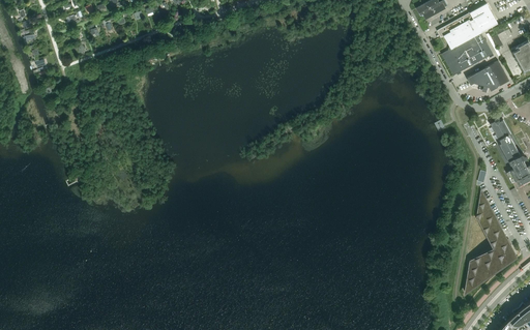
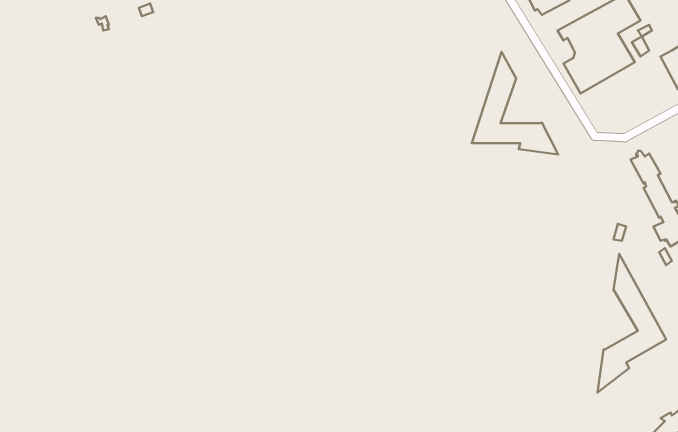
building: none -> [472,52,558,155]
building: [468,61,510,91] -> none

